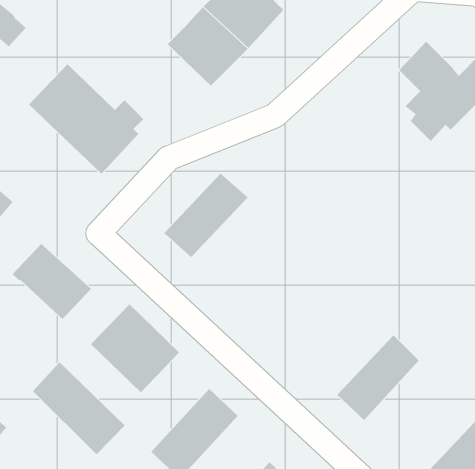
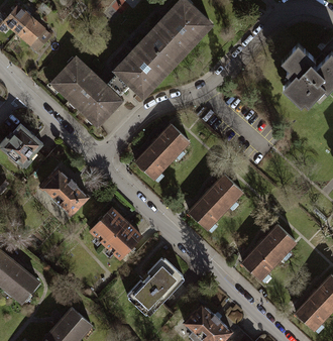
building: none -> [111,45,164,96]
building: none -> [189,175,240,228]
building: [32,361,126,455] -> none

